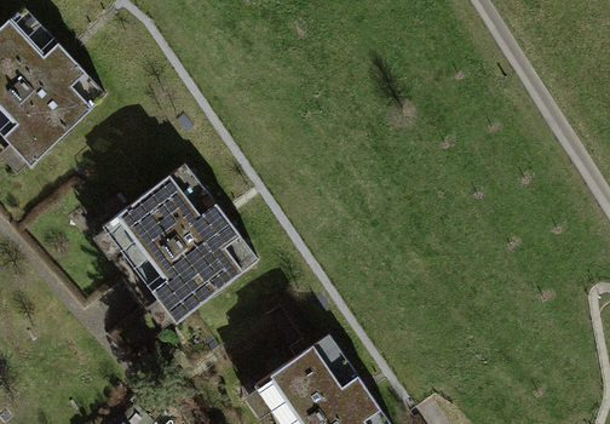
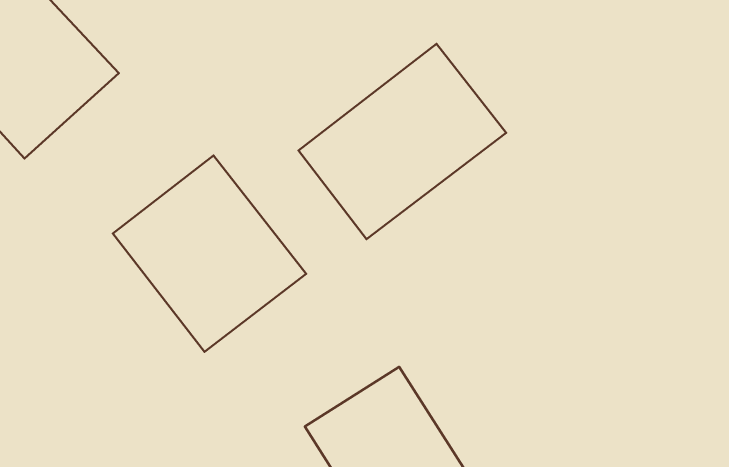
building: none -> [298,44,506,239]

